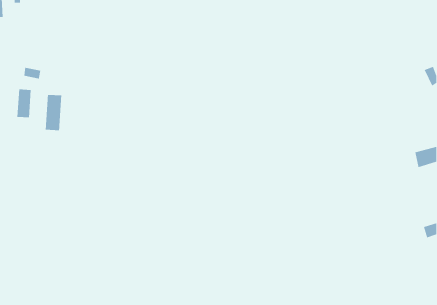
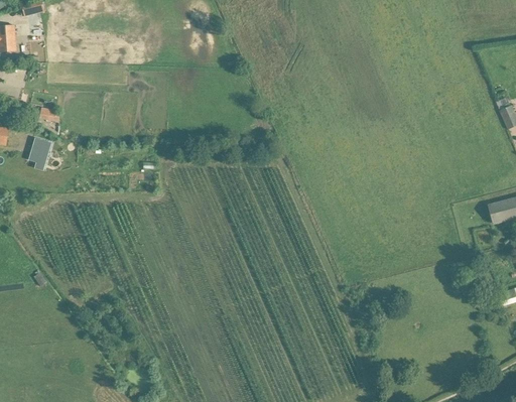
building: [45,94,62,131] -> none

